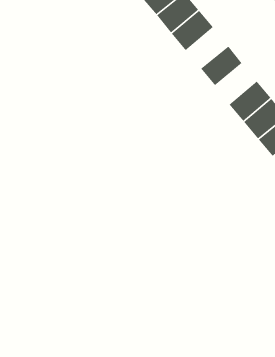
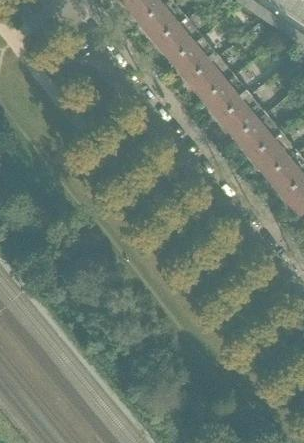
building: none -> [204,75,251,120]
building: none -> [236,114,282,159]

